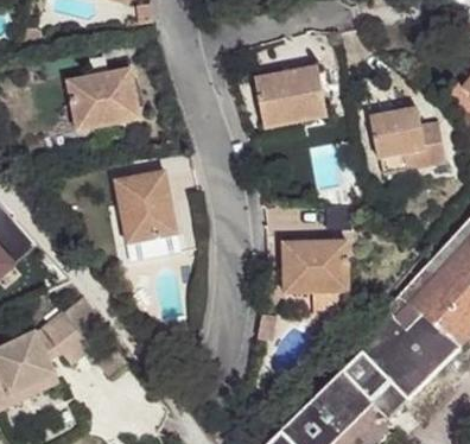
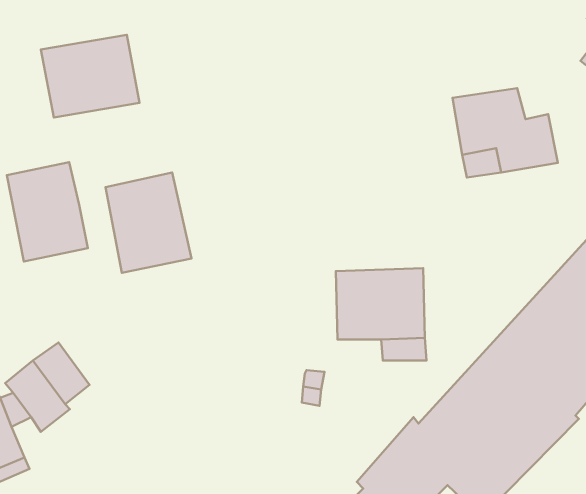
building: [254,66,326,127] -> none
building: none -> [7,162,88,262]

